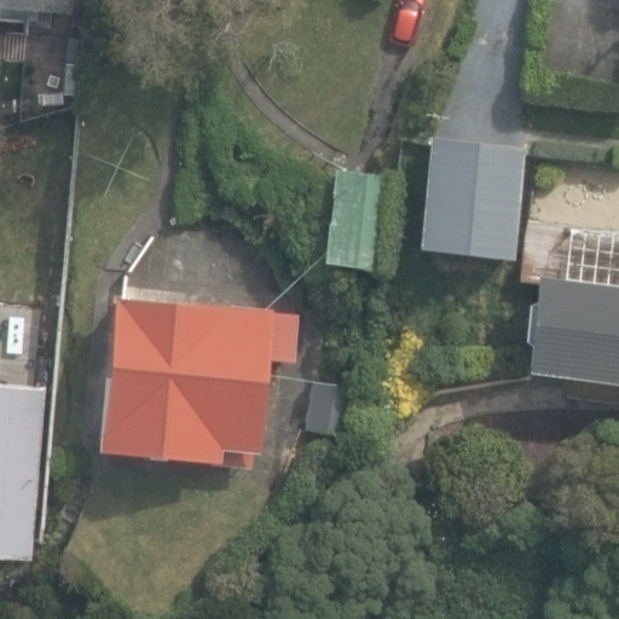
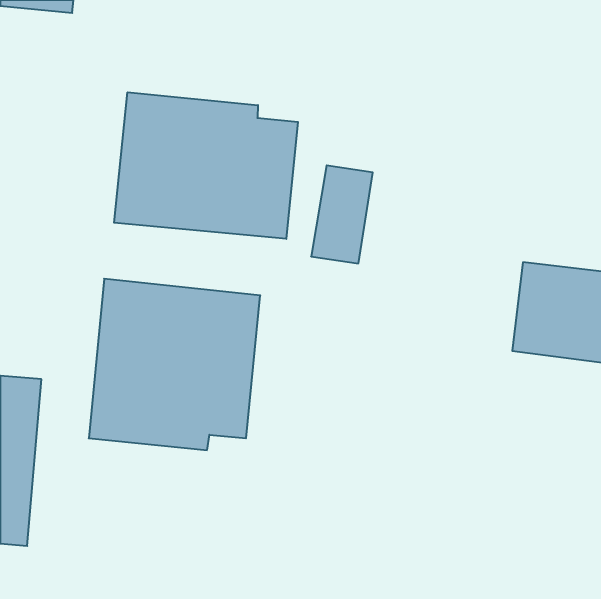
building: none -> [114,92,298,239]
building: [422,139,528,262] -> none

